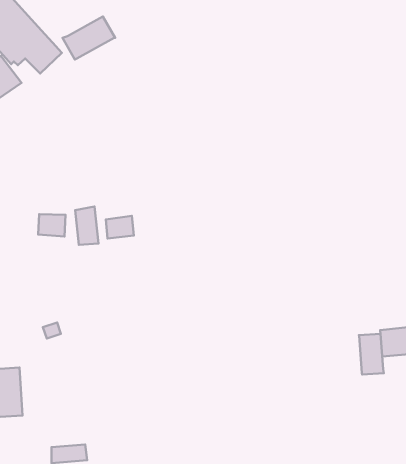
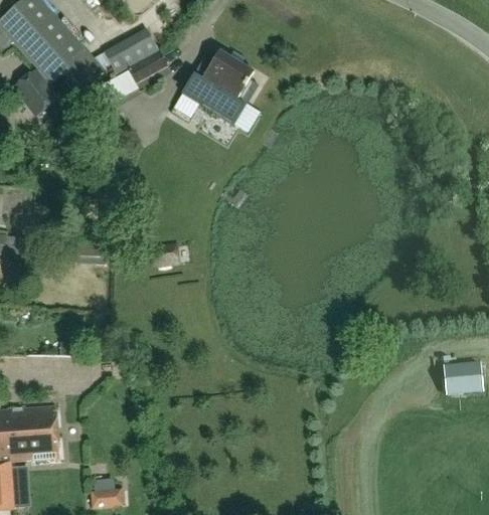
building: none -> [180,50,258,125]
building: none -> [118,51,167,84]
building: [75,207,98,245] -> none
building: [359,334,384,375] -> none

